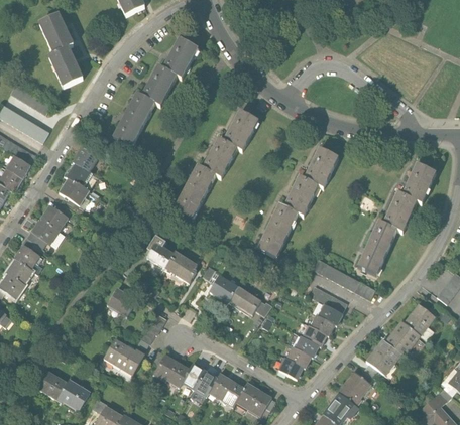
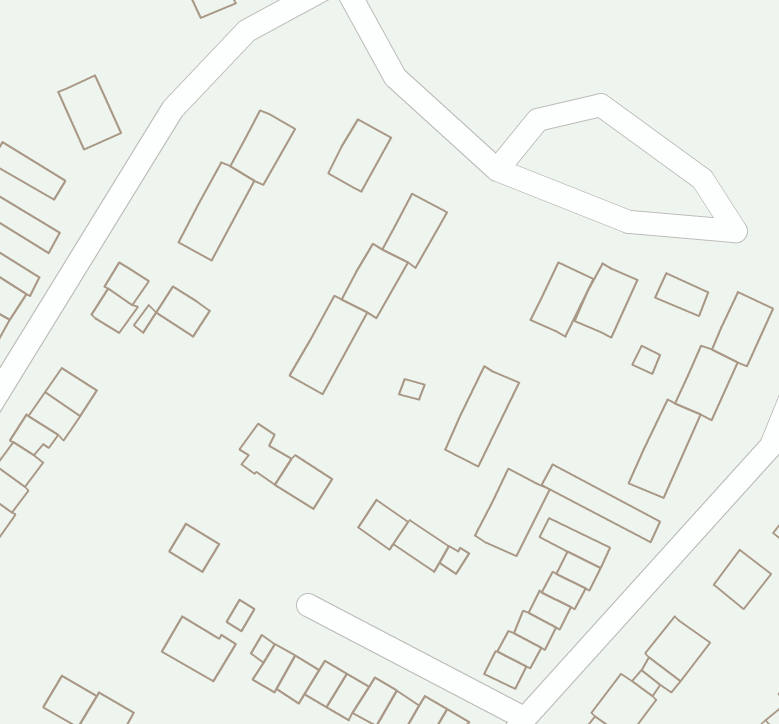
building: [37,12,72,52] -> none
building: [162,37,197,77] -> [328,119,391,192]
building: none -> [655,273,708,316]
building: [284,175,319,216] -> [575,263,638,337]
building: [59,177,88,204] -> [156,287,210,337]
building: none -> [475,469,550,556]
building: [385,320,421,357] -> none

